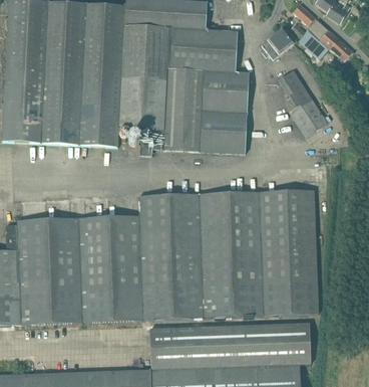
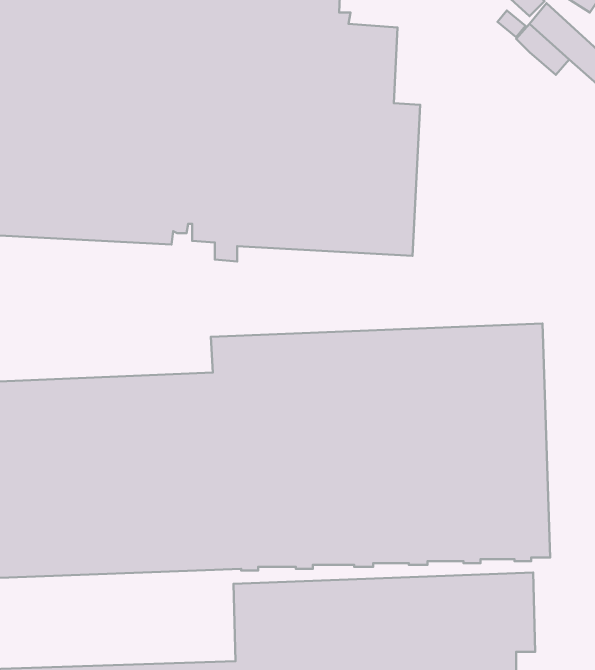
building: [261,27,294,59] -> none
building: [278,69,327,137] -> none

